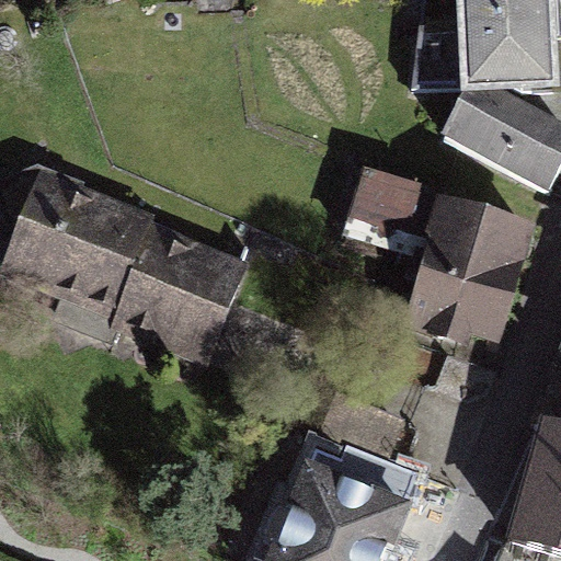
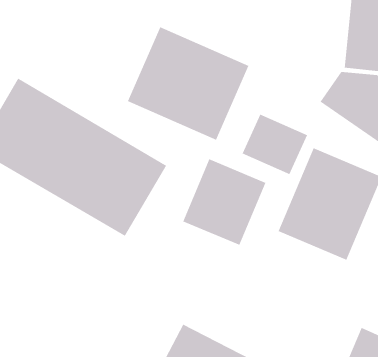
building: none -> [127,26,249,141]
building: none -> [182,158,266,246]

